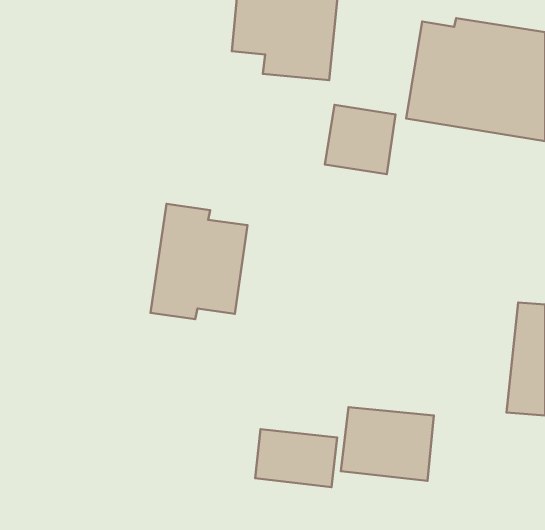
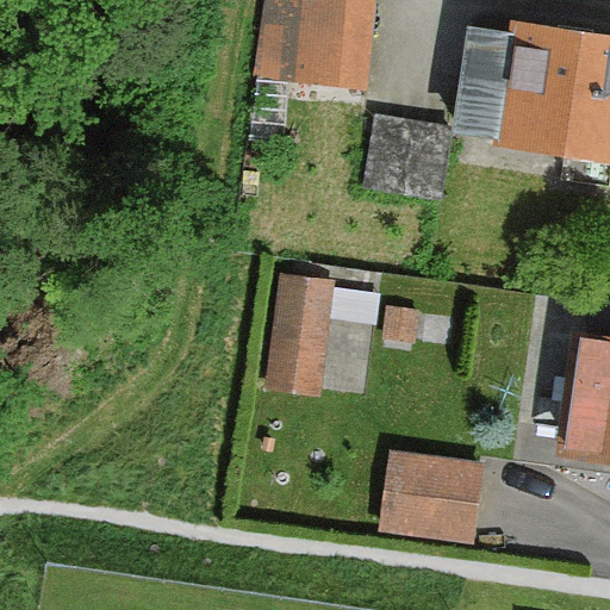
building: [150,204,248,319] -> [266,269,374,398]
building: [255,429,337,487] -> none

